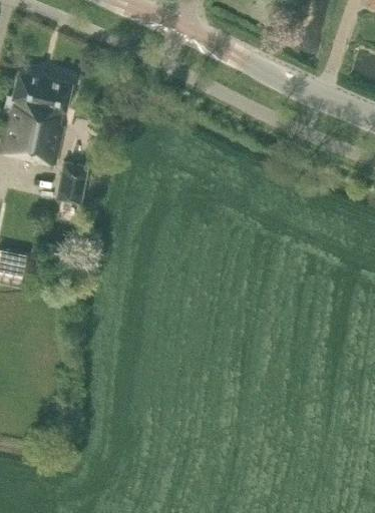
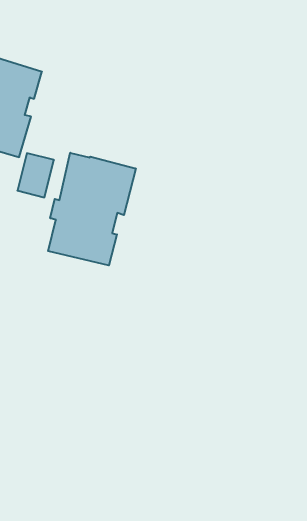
building: none -> [48,153,136,265]

